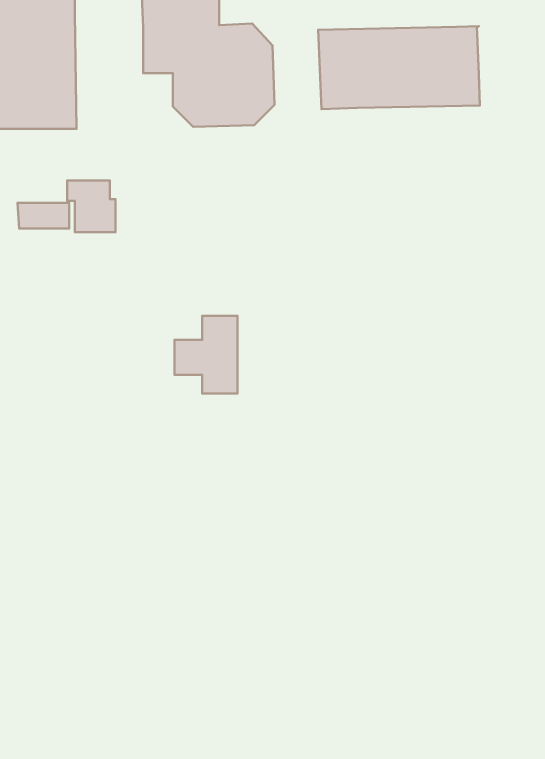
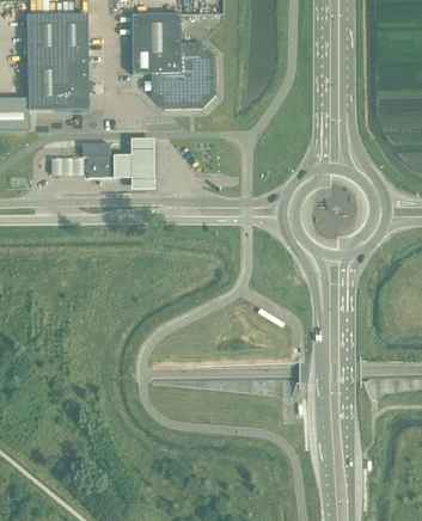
building: [318,26,480,109] -> none
building: [175,316,237,393] -> [114,137,154,188]

